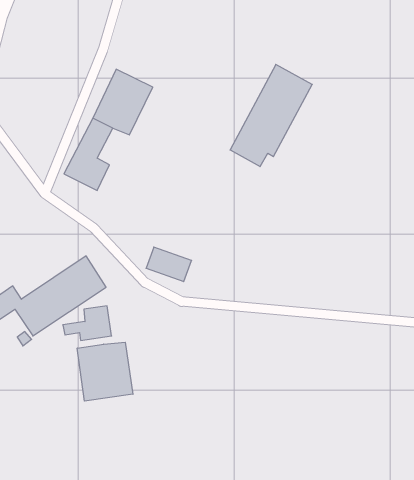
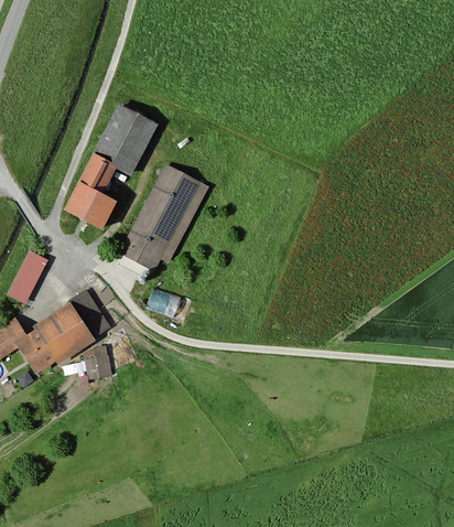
building: [230,64,312,167] -> [125,166,206,268]
building: none -> [9,251,46,300]
building: [77,342,133,401] -> none

